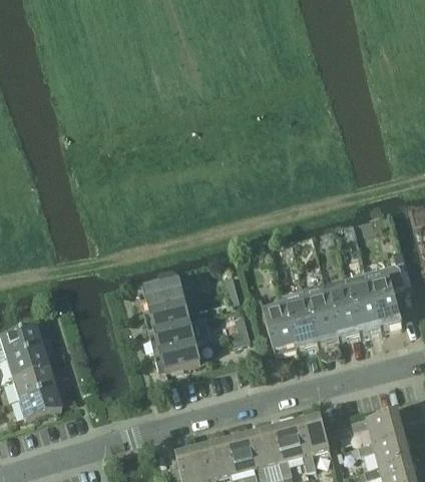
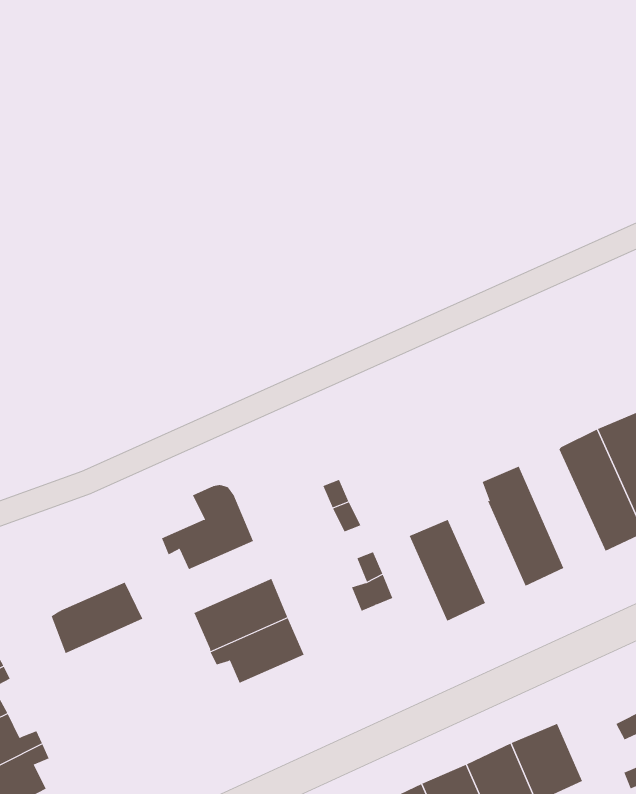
building: [325,280,361,340] -> none
building: [285,300,318,351] -> none
building: [145,301,191,332] -> [51,582,143,654]

